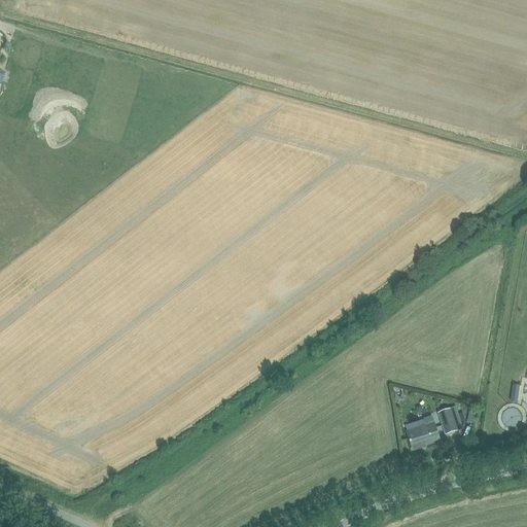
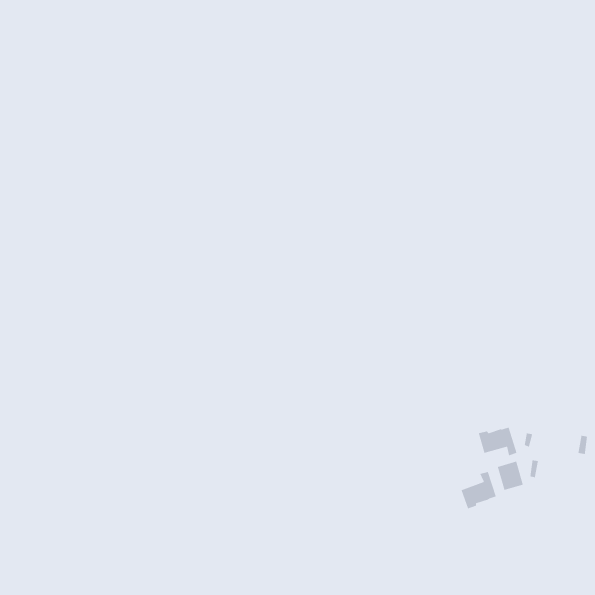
building: none -> [478,427,517,457]

